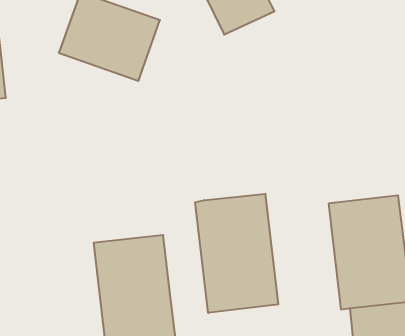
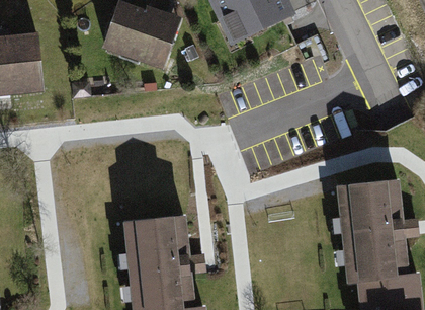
building: [195,194,278,313] -> none

